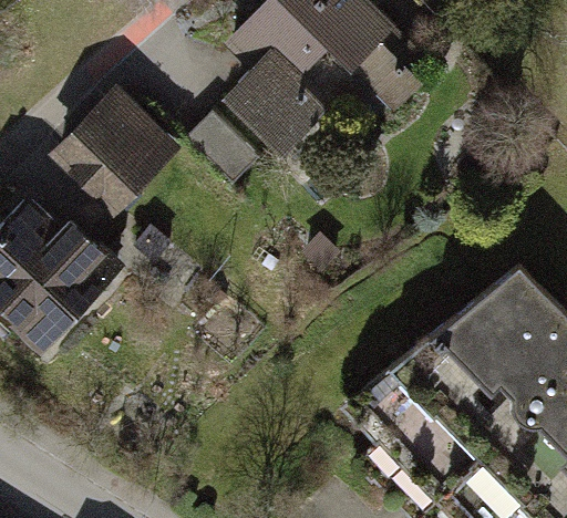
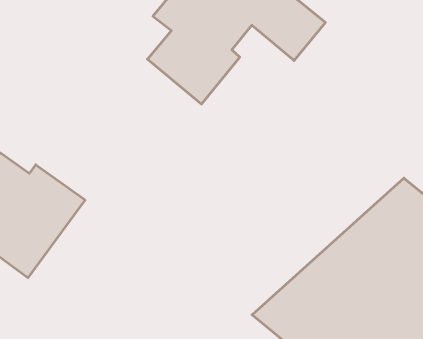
building: [50,84,179,214] -> none

